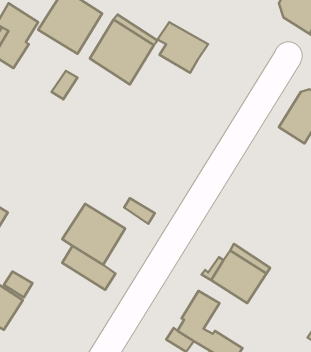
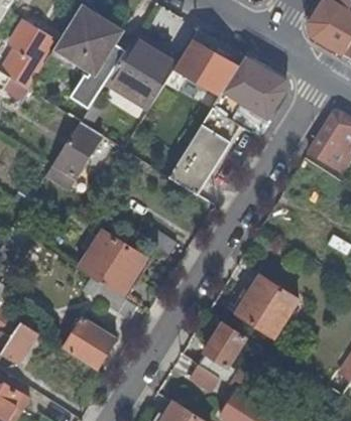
building: none -> [168,58,285,196]
building: none -> [55,124,102,187]
building: none -> [63,318,115,371]

